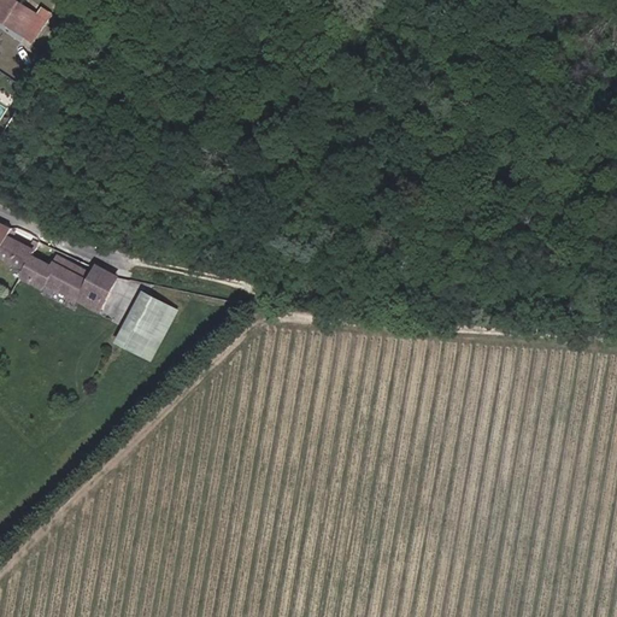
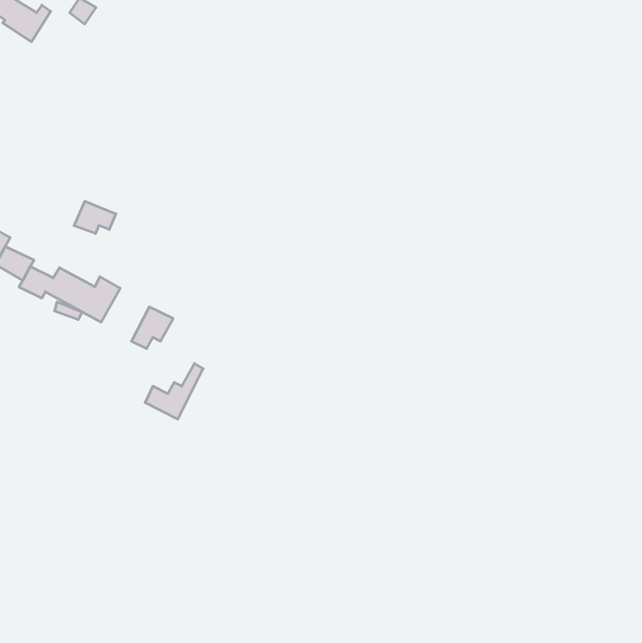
building: none -> [74,201,116,234]
building: [118,304,174,357] -> [145,363,203,419]

